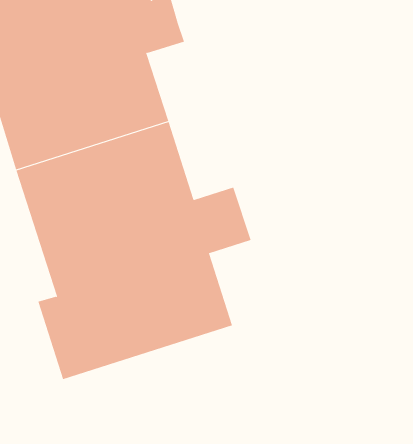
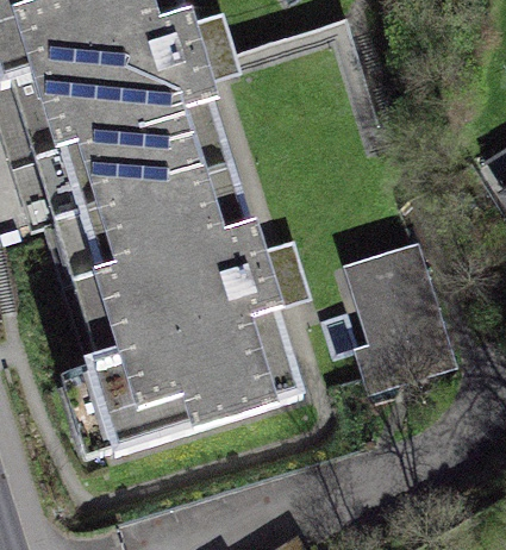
building: none -> [344,250,442,385]

